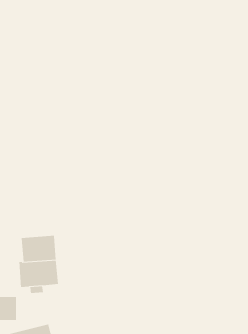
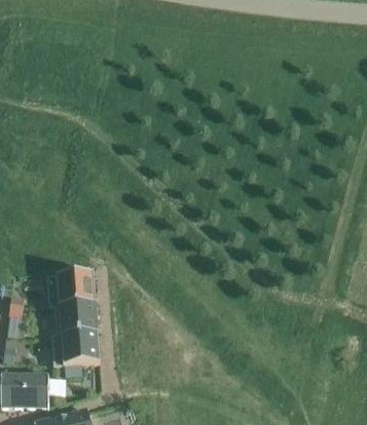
building: none -> [46,273,95,309]

